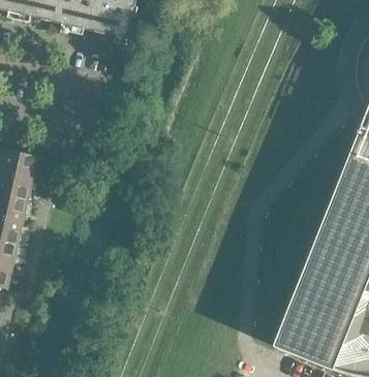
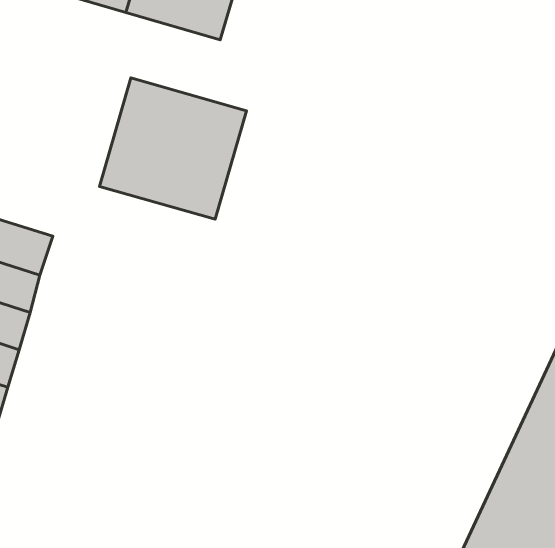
building: none -> [99,78,247,219]

